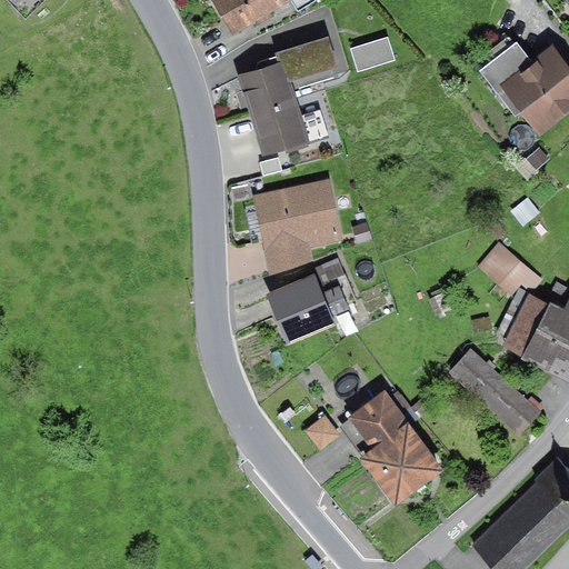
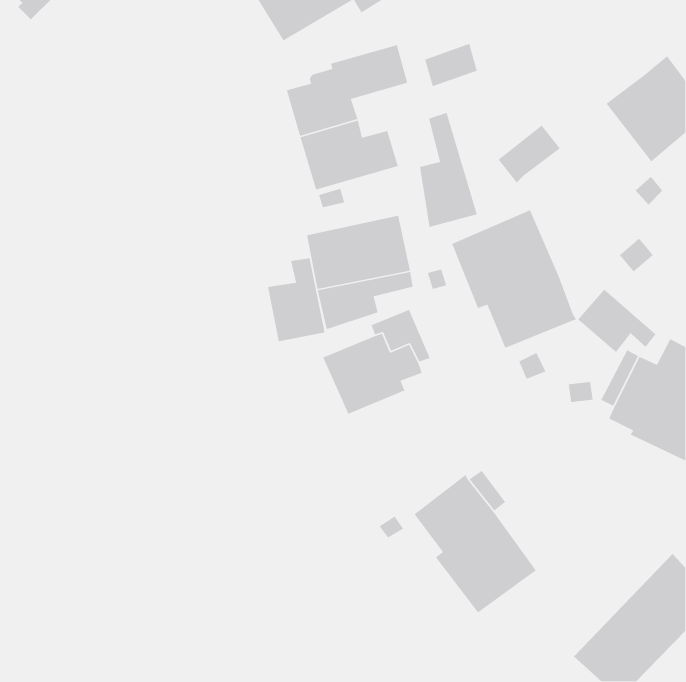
building: [480,42,532,91] -> [498,124,561,184]
building: none -> [419,112,478,228]
building: none -> [451,209,577,349]
building: none -> [267,257,325,342]
building: [449,348,546,435] -> none

